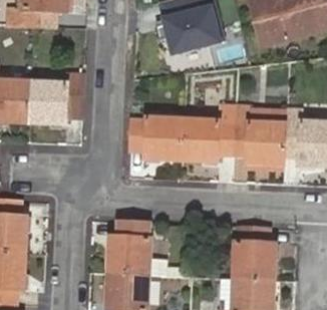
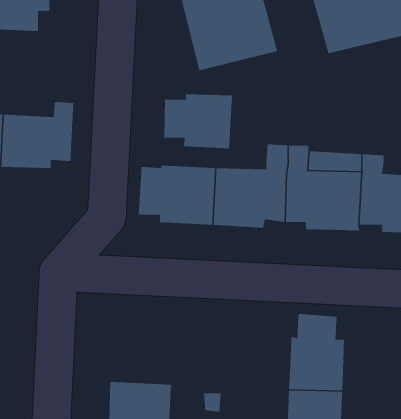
building: none -> [164,94,233,149]
building: [106,220,152,276] -> none

